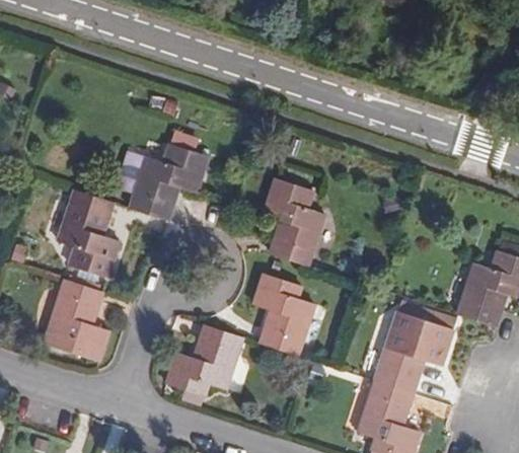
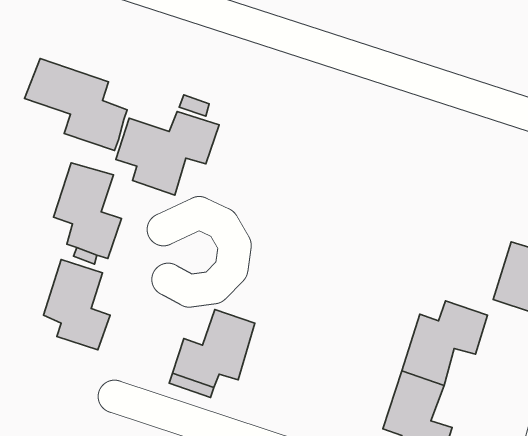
building: none -> [24,58,127,151]
building: [264,177,323,266] -> none
building: [253,274,315,356] -> none

